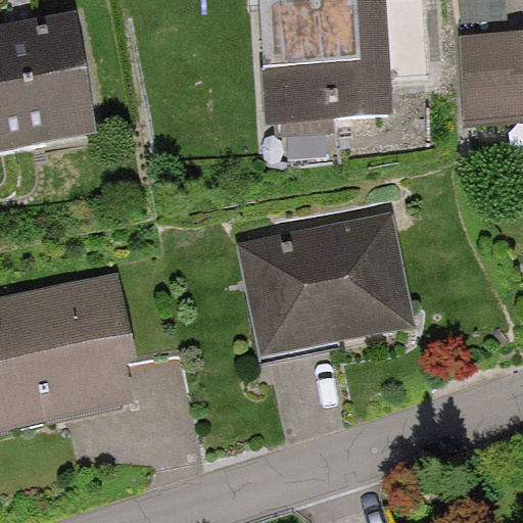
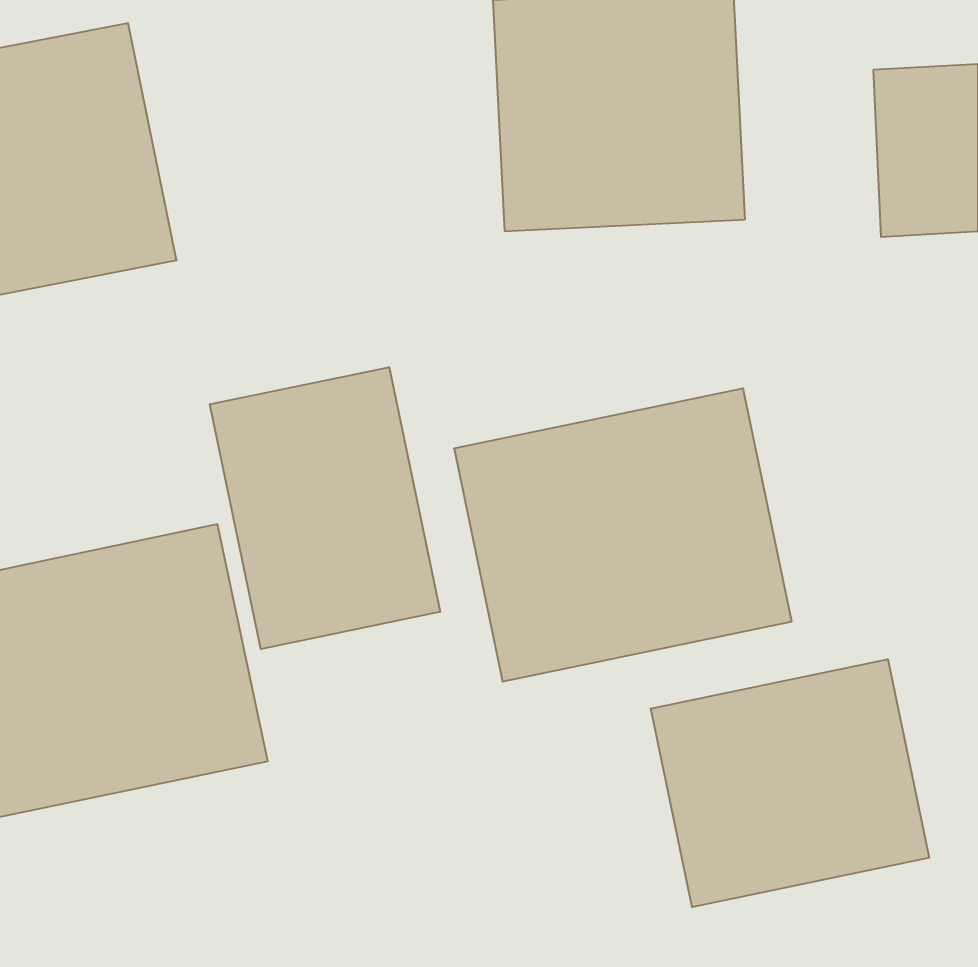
building: none -> [210,367,440,649]
building: none -> [651,659,929,907]

